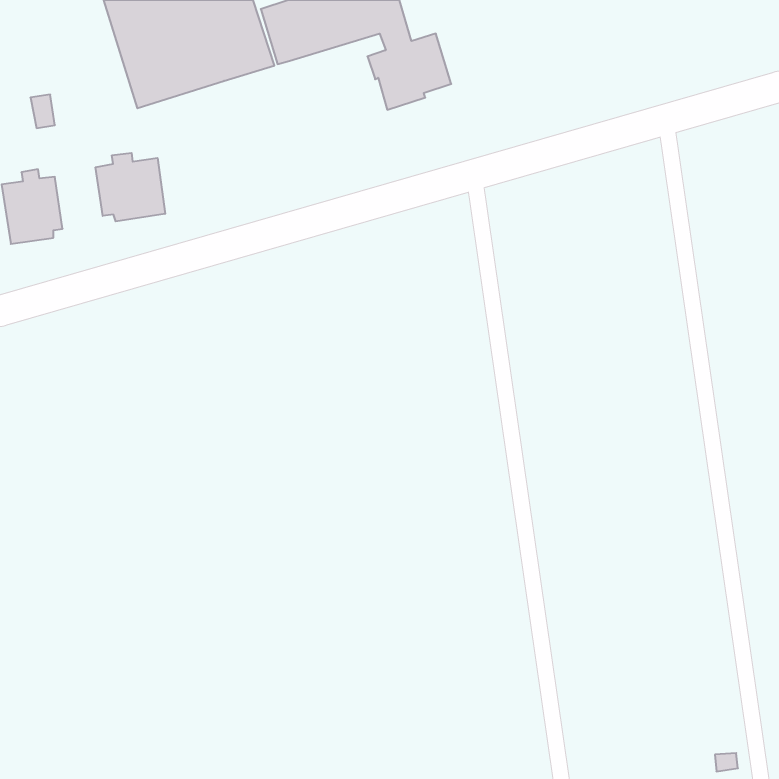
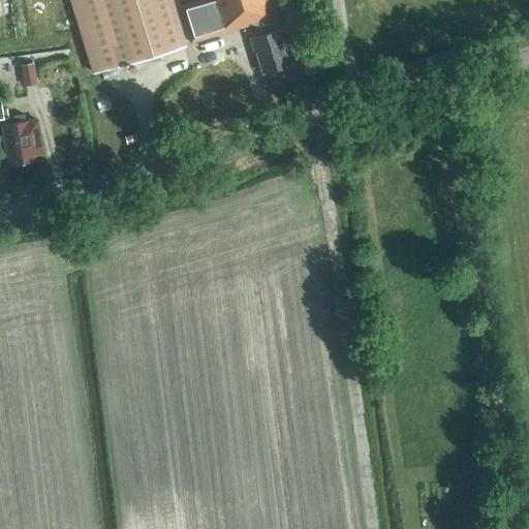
building: [96,153,165,221] -> none

